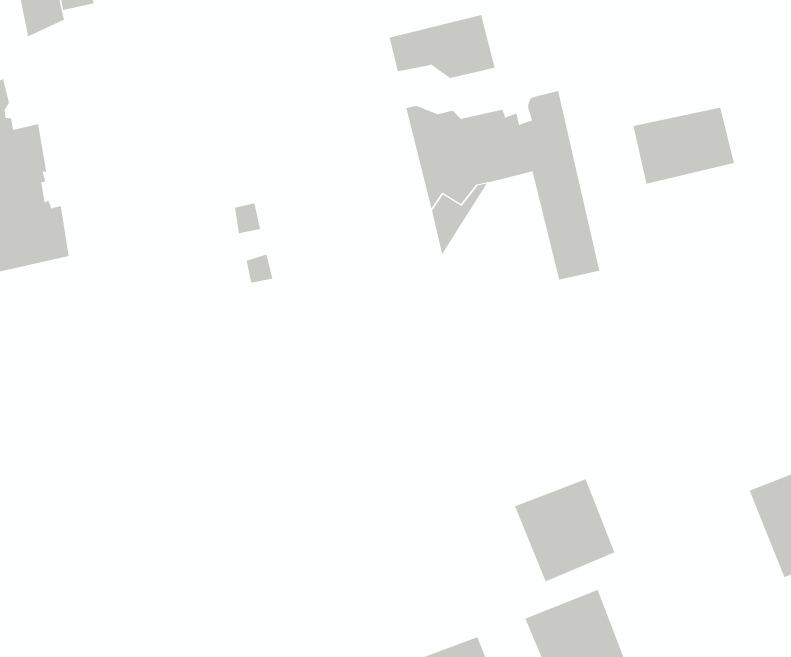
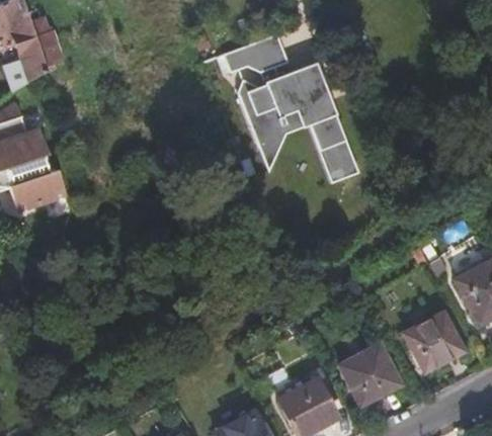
building: [633,107,734,184] -> none
building: [514,479,615,582] -> [404,311,463,370]

